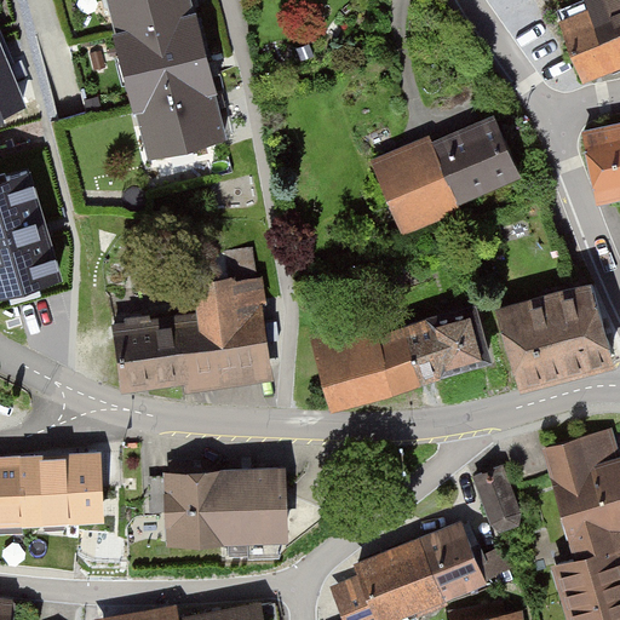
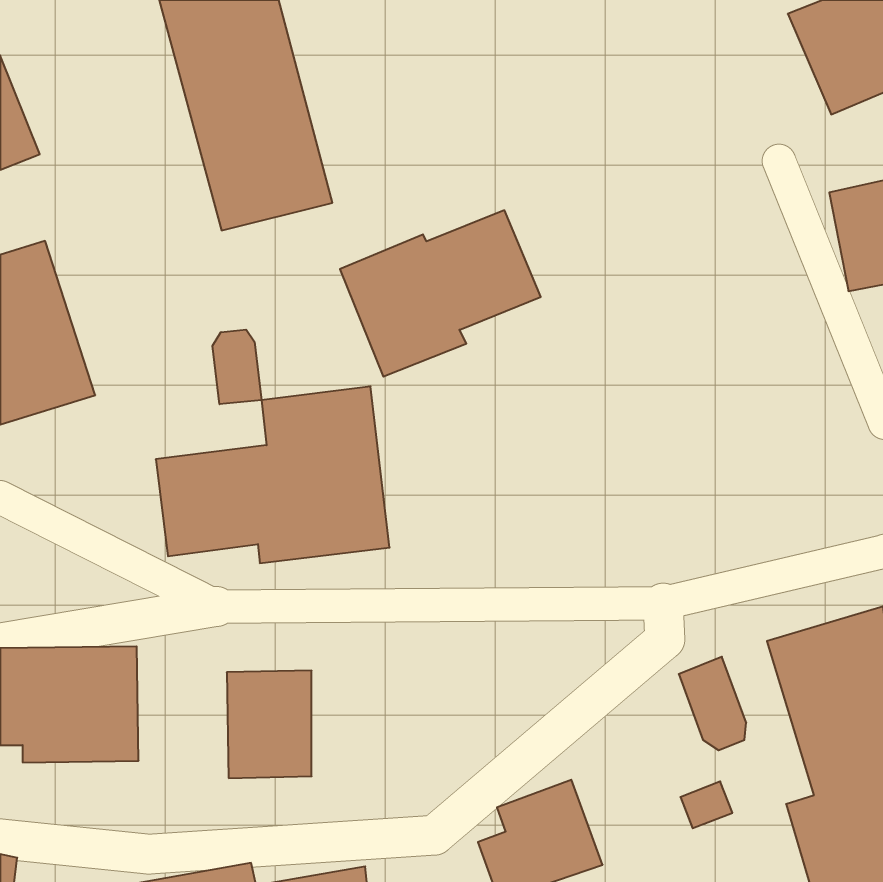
building: [371,121,511,237] -> [340,210,541,377]
building: none -> [213,330,261,404]
building: [488,285,604,392] -> none
building: [305,308,484,408] -> none
building: [219,470,279,545] -> none
building: [401,527,480,607] -> none

